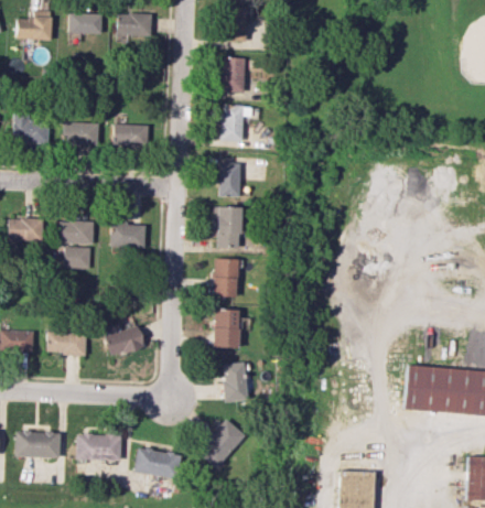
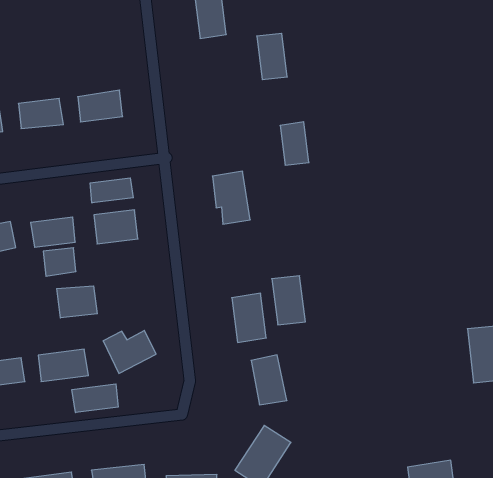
building: [222,105,244,142] -> [257,33,287,80]
building: [219,163,240,197] -> [280,122,309,165]
building: none -> [90,178,133,203]
building: [214,258,238,298] -> [272,276,305,325]
building: none -> [57,286,97,318]
building: none -> [72,384,118,413]

